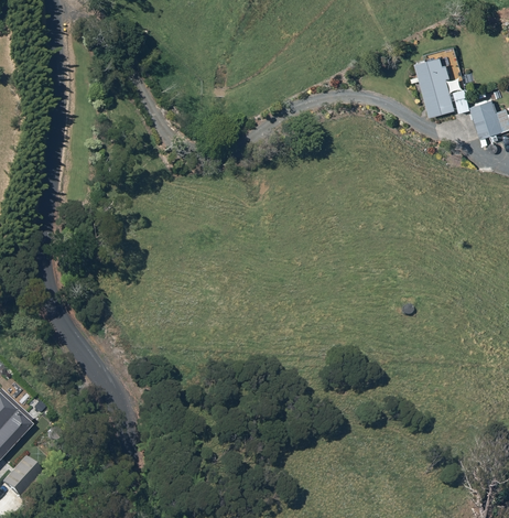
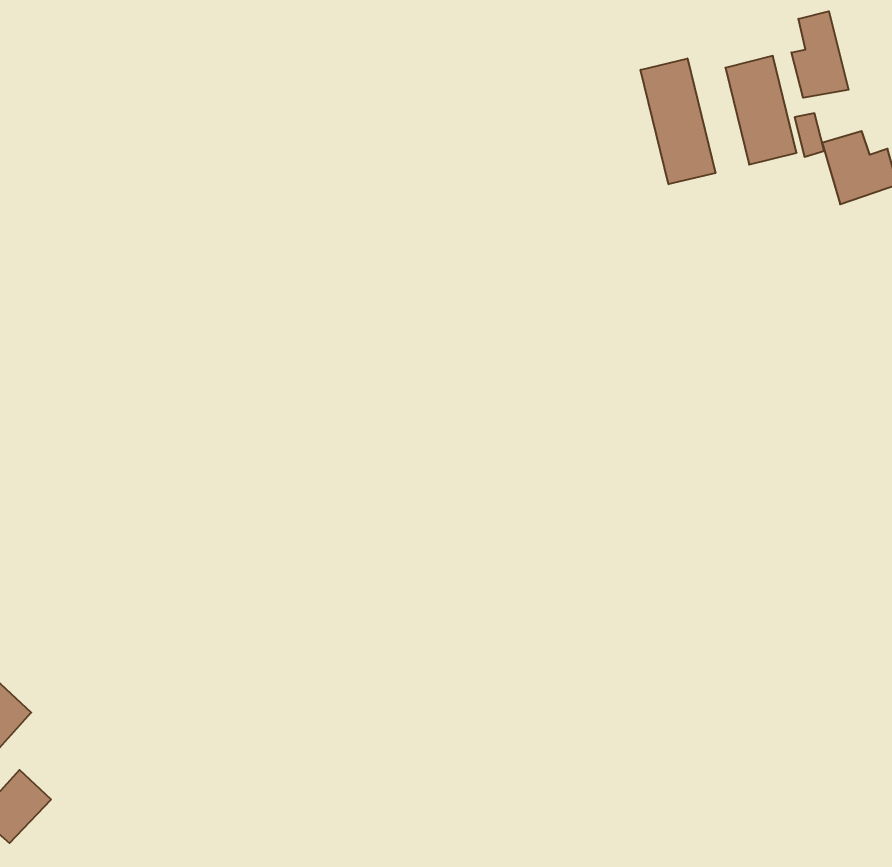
building: none -> [791,11,849,98]
building: none -> [641,58,715,184]

